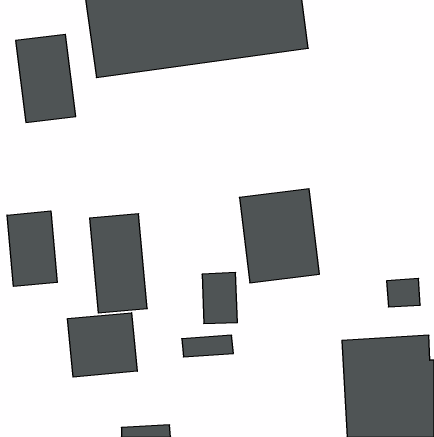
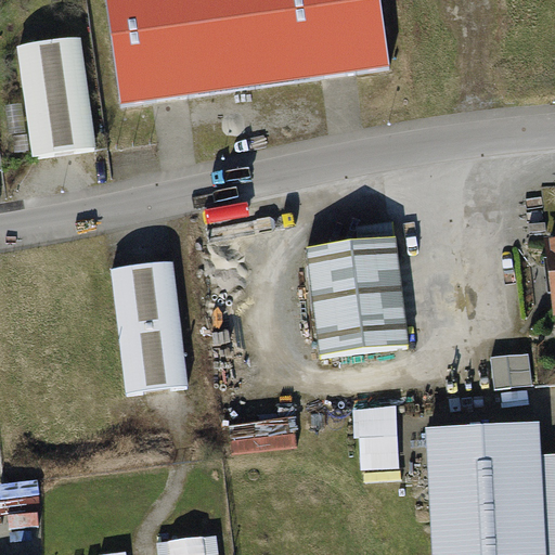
building: [7,211,57,286] -> none
building: [202,273,237,323] -> [351,403,396,467]
building: [68,313,137,377] -> none

